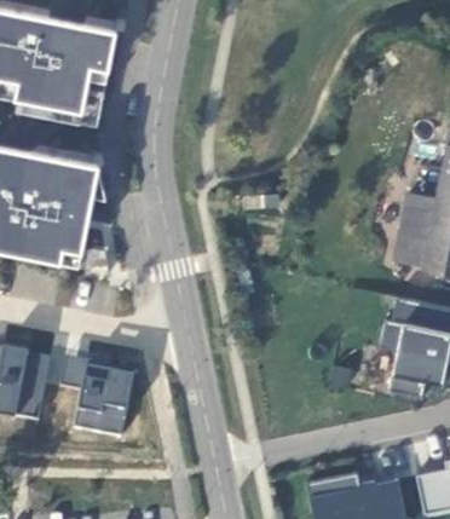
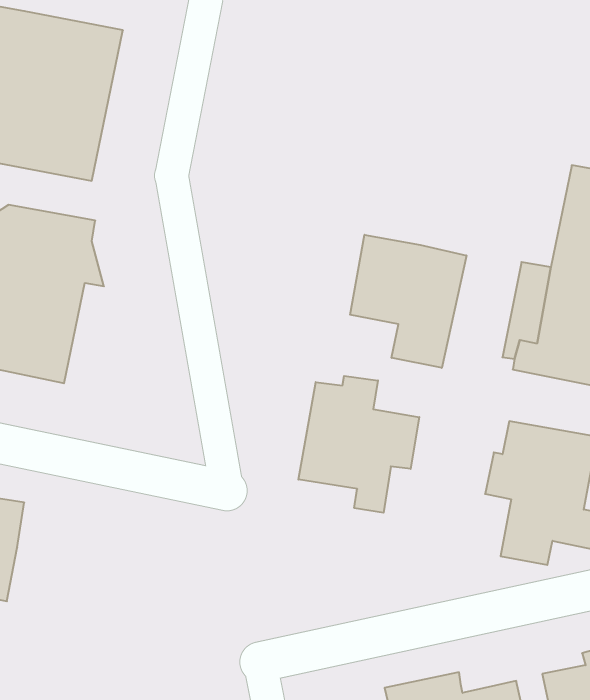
building: none -> [350,235,466,368]
building: none -> [298,376,419,513]
building: [48,354,135,437] -> none

